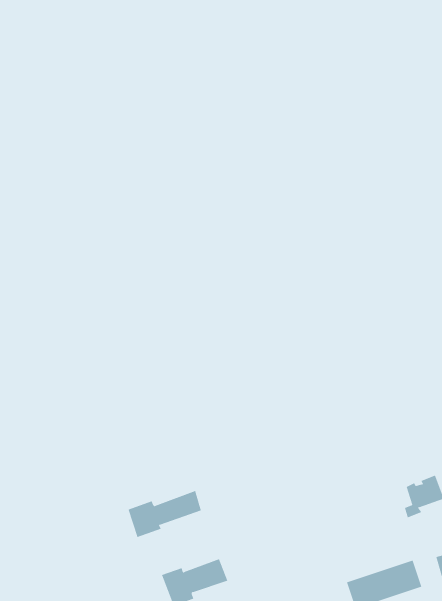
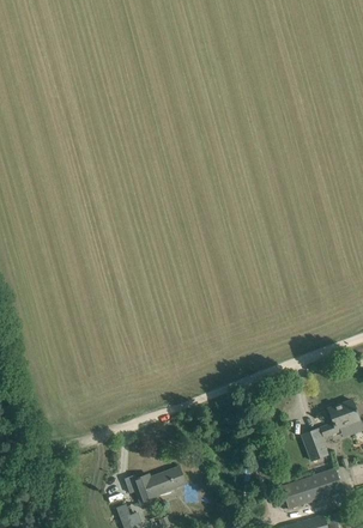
building: [128,490,202,538] -> none
building: none -> [301,427,328,461]

